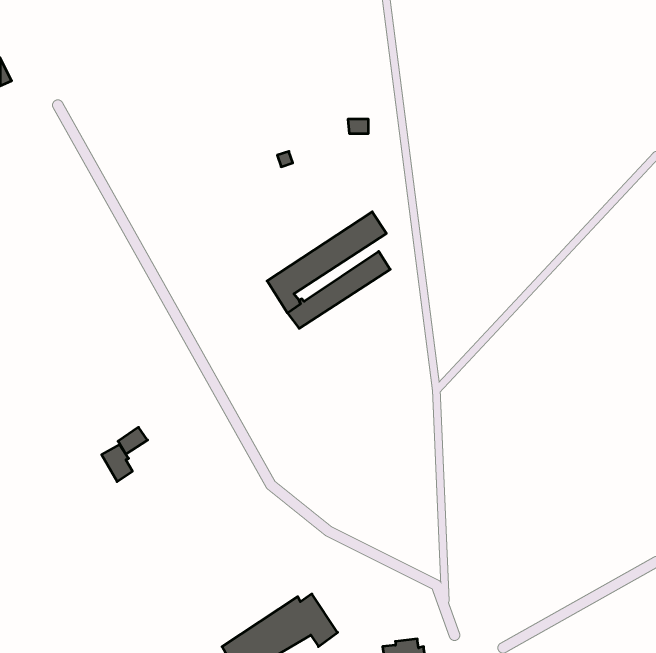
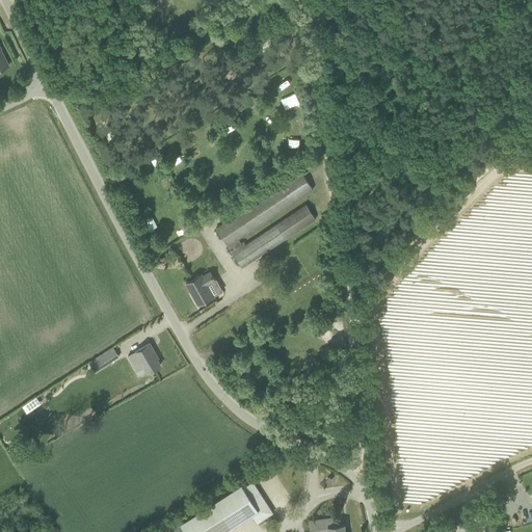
building: none -> [186,273,215,307]
building: [102,444,132,482] -> [135,345,160,375]

